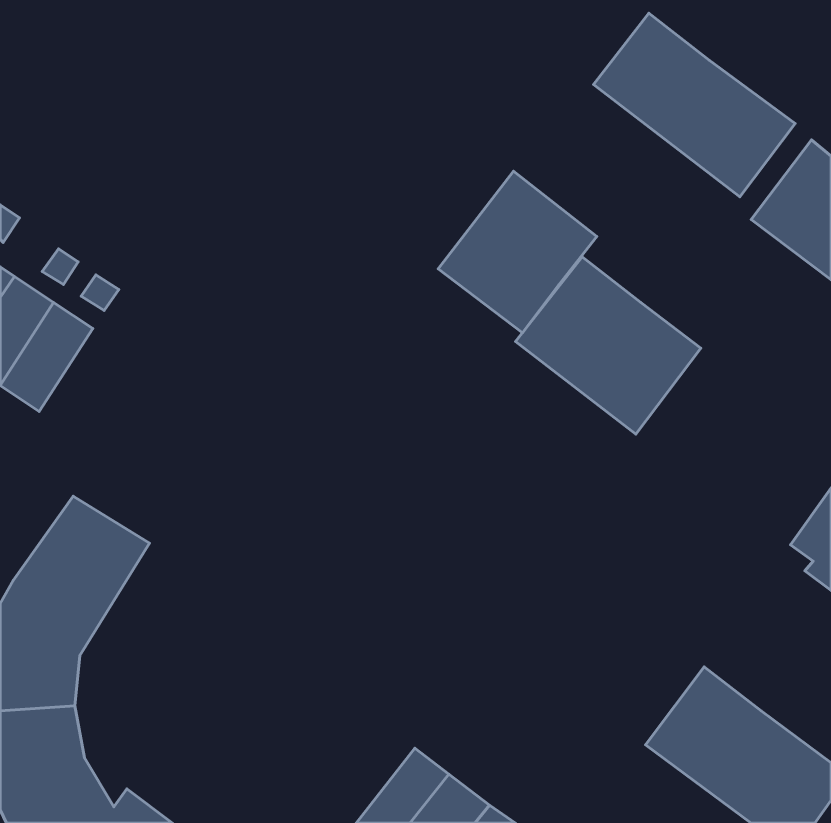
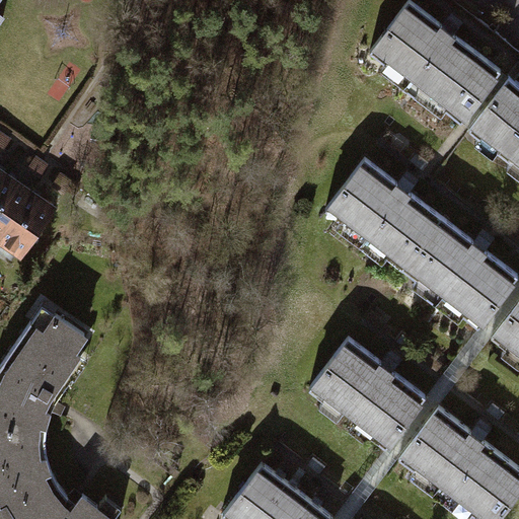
building: [438,171,597,333] -> none
building: none -> [396,217,514,329]
building: none -> [310,339,422,444]

